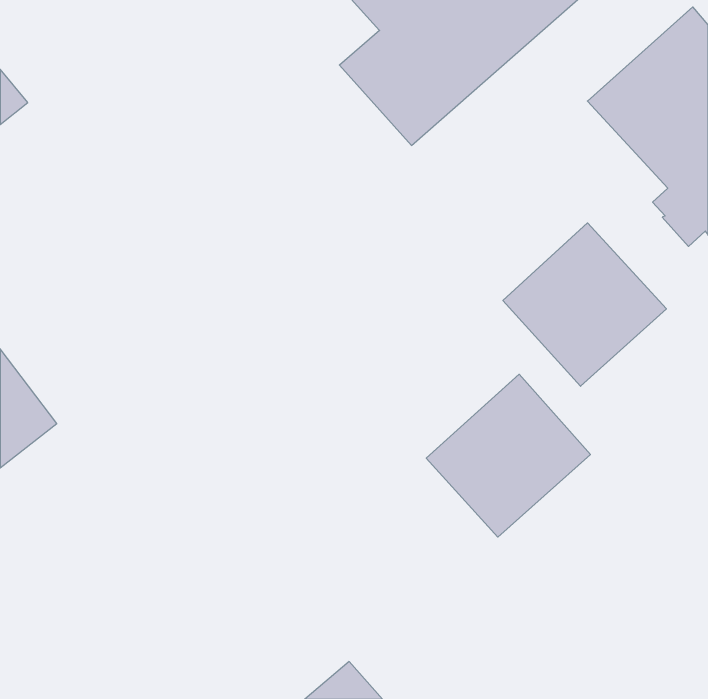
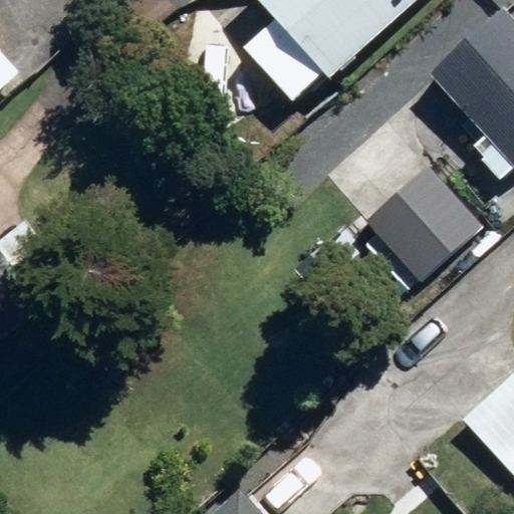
building: [426,374,590,537] -> none

